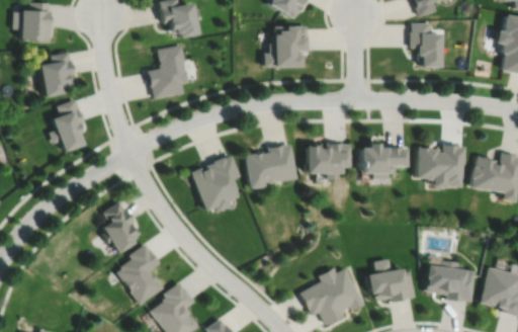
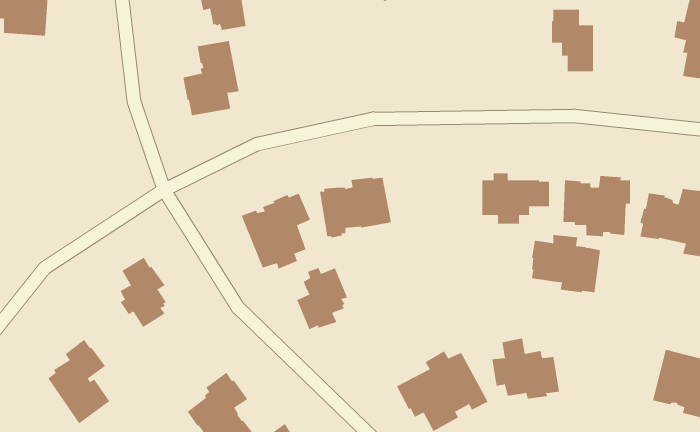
building: [263,27,308,70] -> none
building: [39,54,74,99] -> none
building: [51,101,86,155] -> none
building: [306,142,351,178] -> none
building: none -> [296,267,348,330]
building: [118,243,163,304] -> [48,339,110,424]
building: [427,260,477,302] -> [531,234,601,293]

